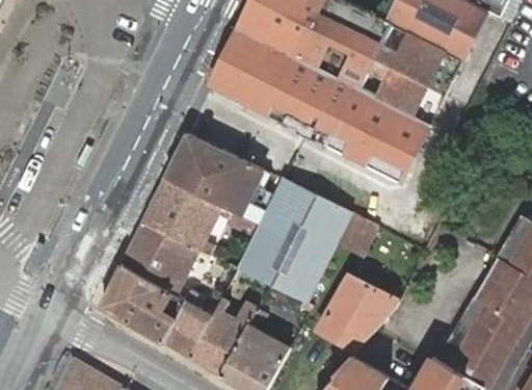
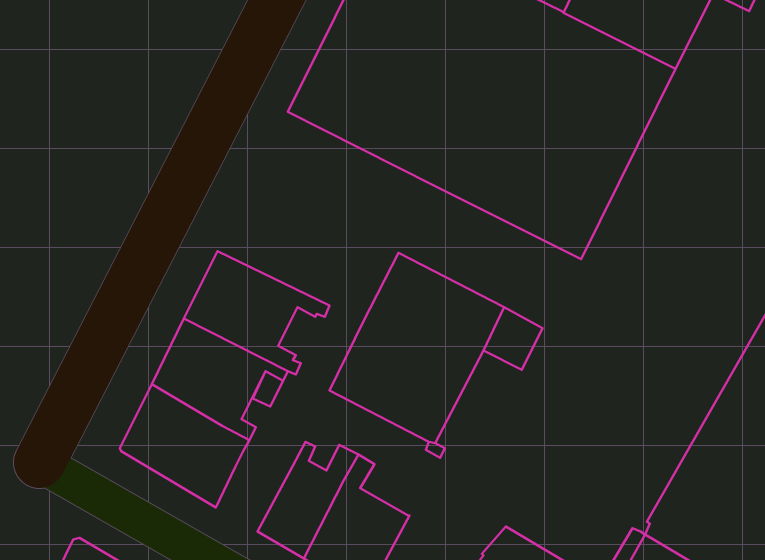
building: [164,132,264,213] -> none
building: [318,274,399,350] -> none
building: [163,290,213,358] -> none

